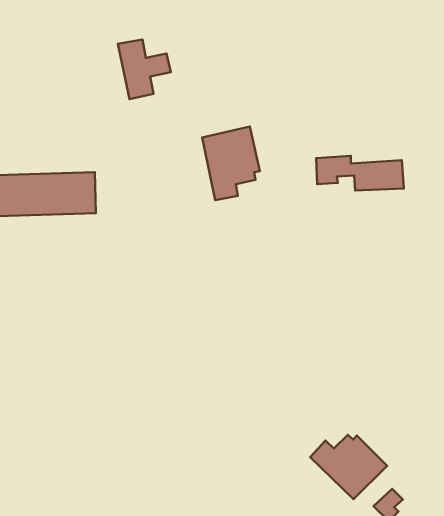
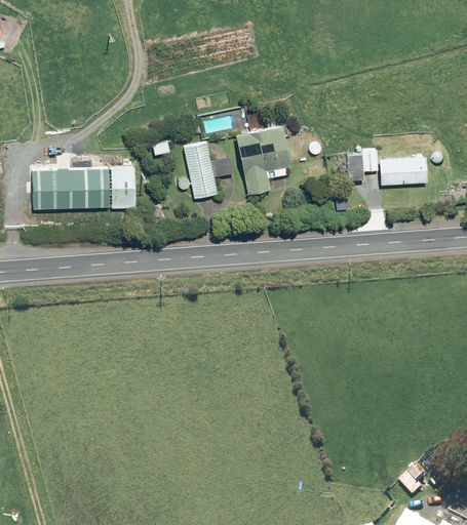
building: [118,40,171,99] -> [183,143,233,199]
building: [310,435,387,499] -> none

